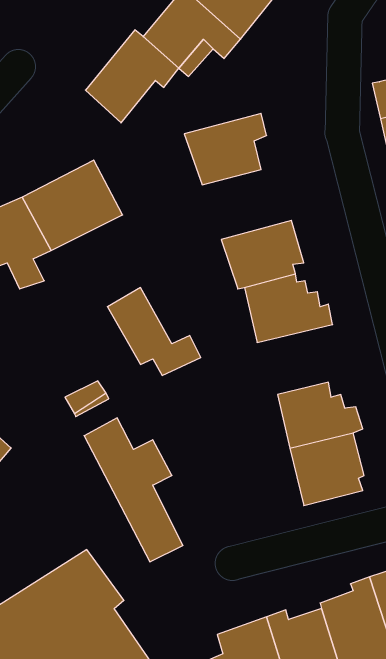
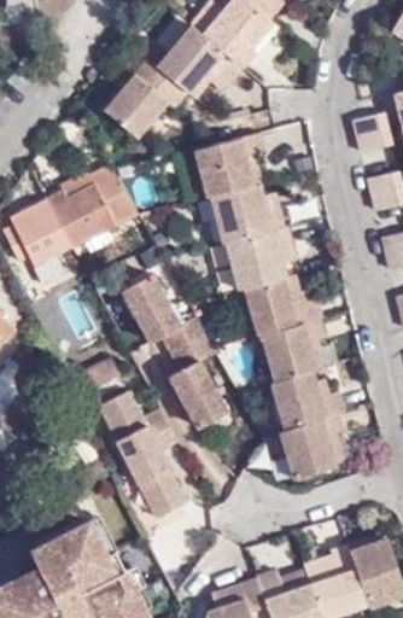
building: none -> [205,179,284,240]
building: none -> [253,315,325,377]
building: none -> [170,344,228,436]

